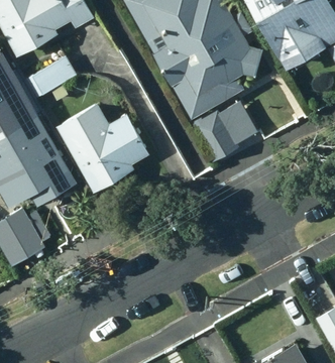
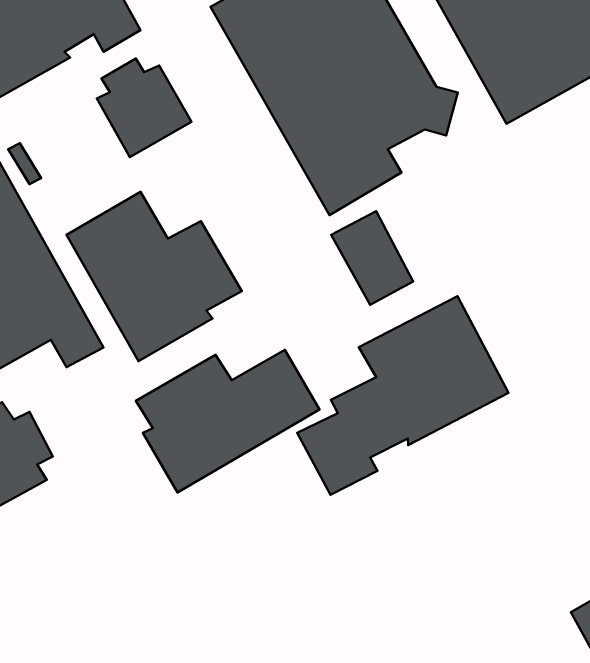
building: none -> [97,58,192,157]
building: none -> [297,296,508,495]
building: none -> [136,350,319,493]

